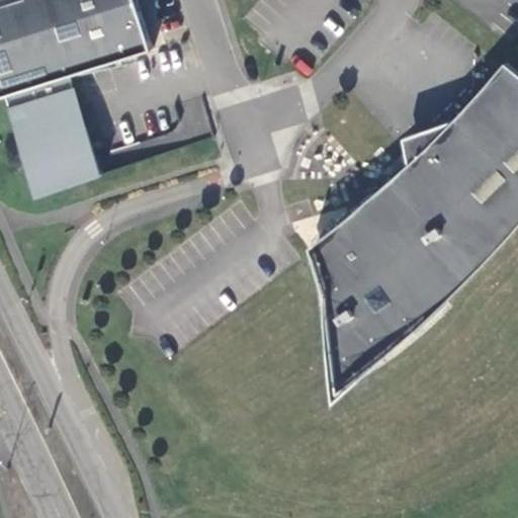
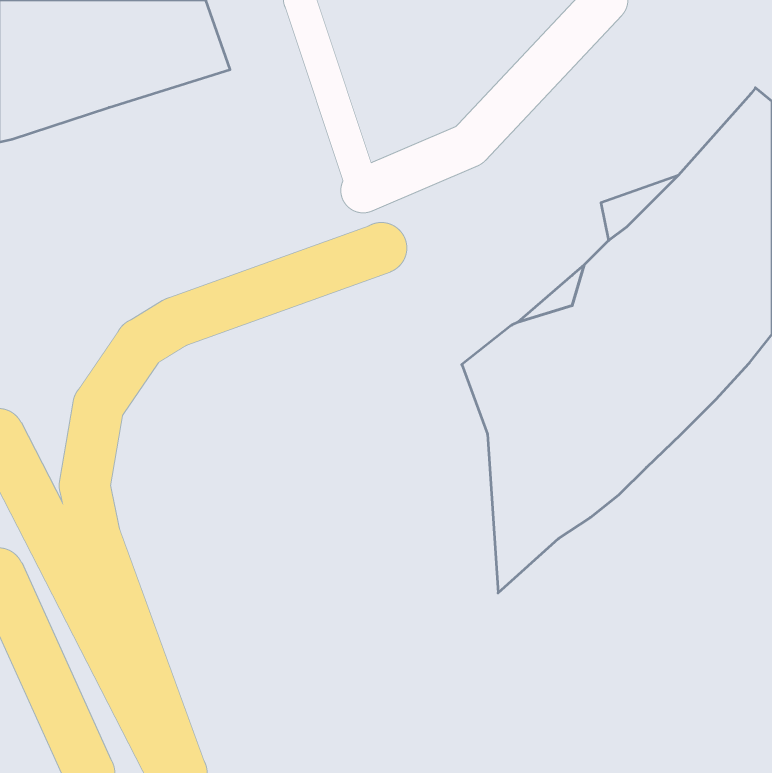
building: [8,72,106,196] -> none

